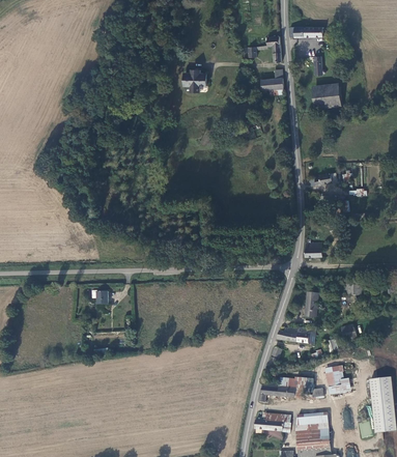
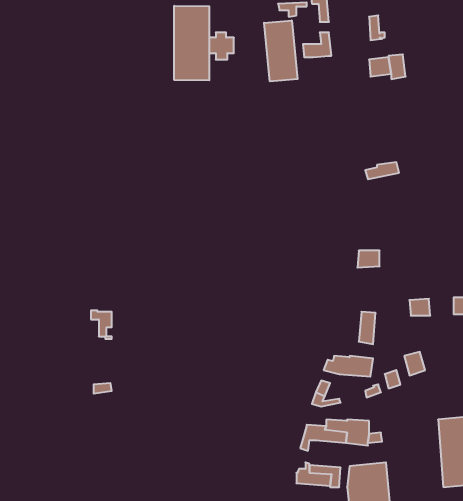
building: none -> [174,6,209,80]
building: none -> [264,20,298,81]
building: [325,365,350,394] -> none

